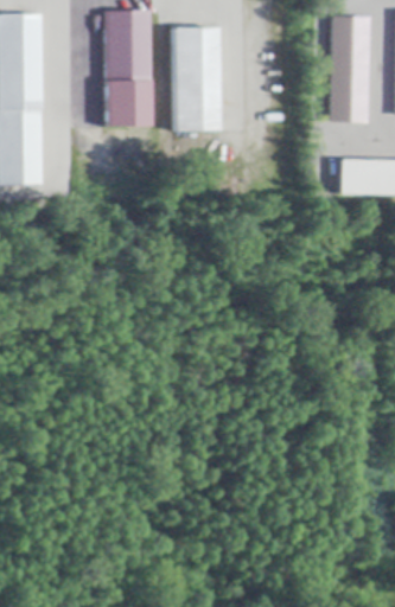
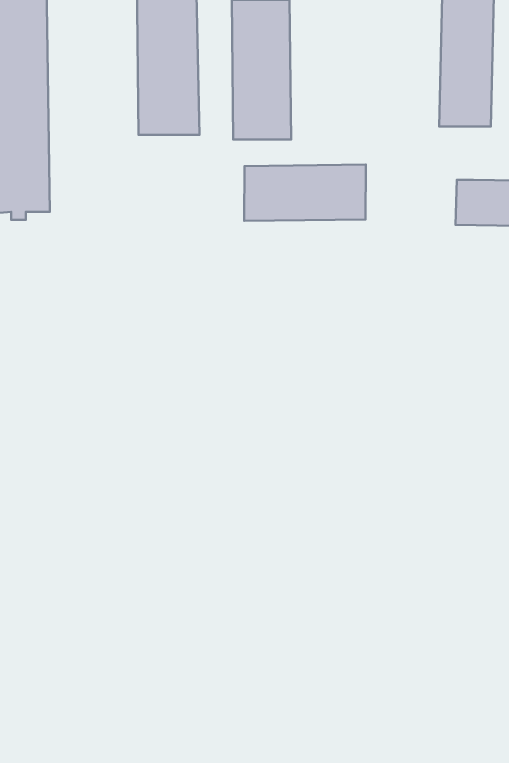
building: none -> [244,165,366,221]

